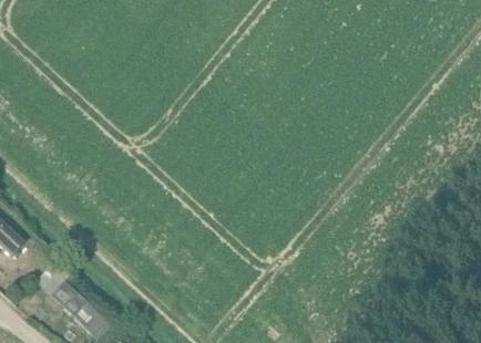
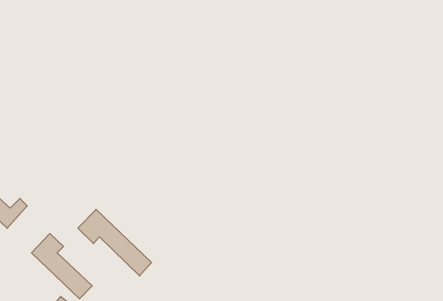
building: none -> [78,209,152,276]

